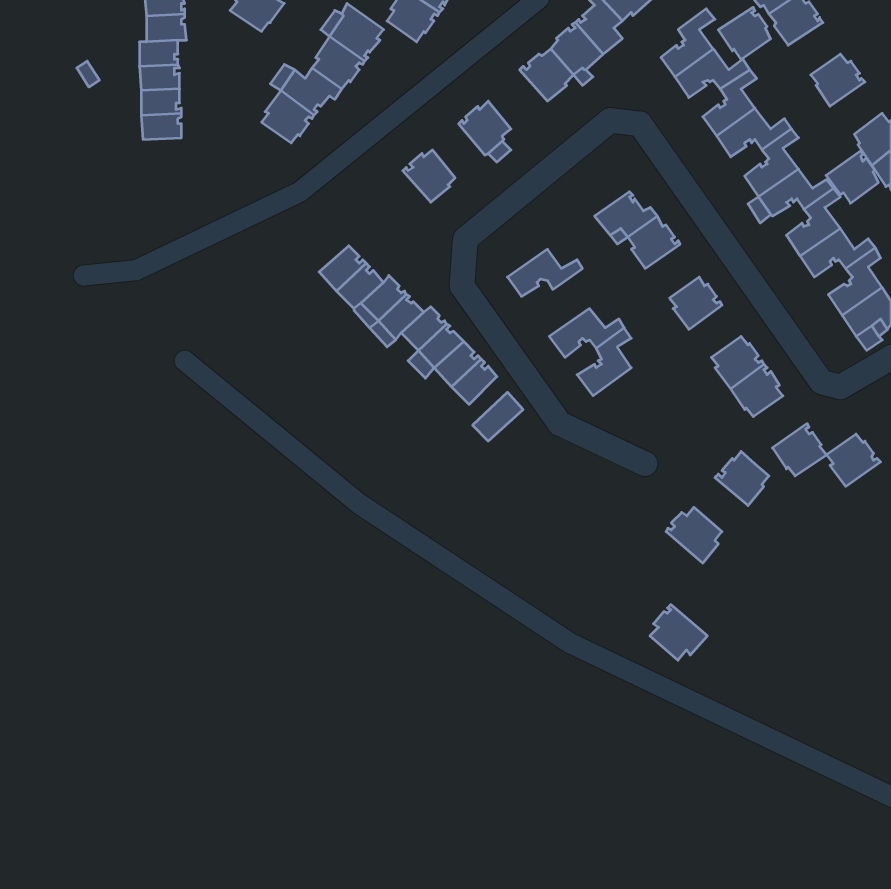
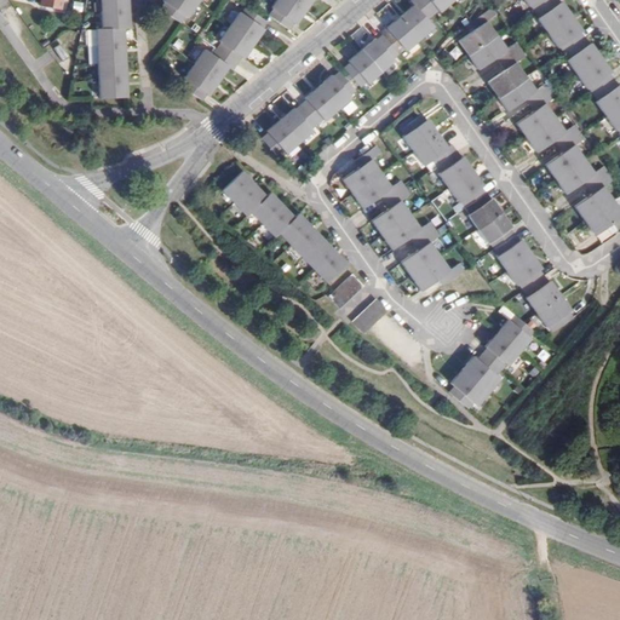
building: [718,7,771,60] -> [547,16,584,52]
building: none -> [343,48,380,86]
building: none -> [300,86,337,124]
building: [826,151,878,203] -> [576,57,613,93]
building: none -> [401,113,437,150]
building: none -> [262,119,299,156]
building: none -> [343,144,380,193]
building: none -> [448,170,486,207]
building: none -> [372,186,409,234]
building: none -> [478,212,515,248]
building: none -> [412,256,464,289]
building: none -> [352,298,388,332]
building: [826,434,881,486] -> [523,275,561,311]
building: none -> [482,332,519,369]
building: [650,605,707,660] -> [448,369,488,408]

